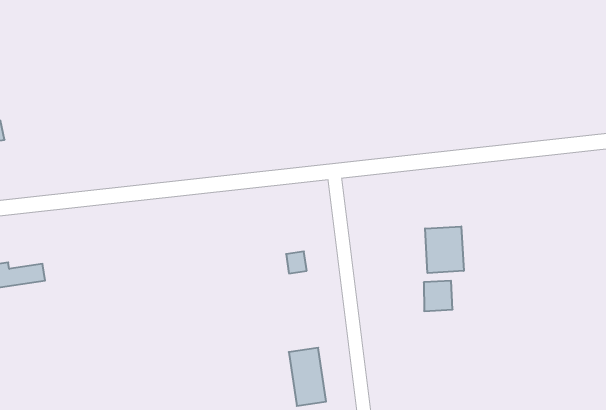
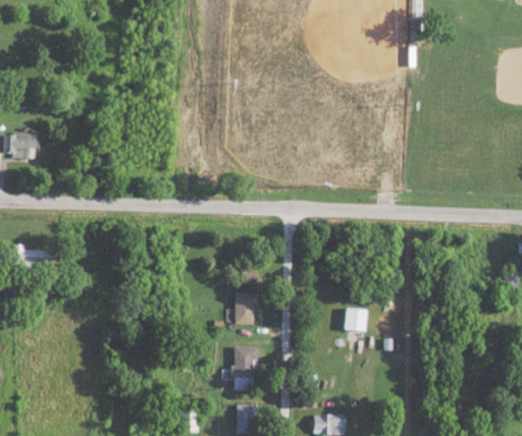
building: [425,226,464,273] -> none
building: none -> [236,292,256,324]

